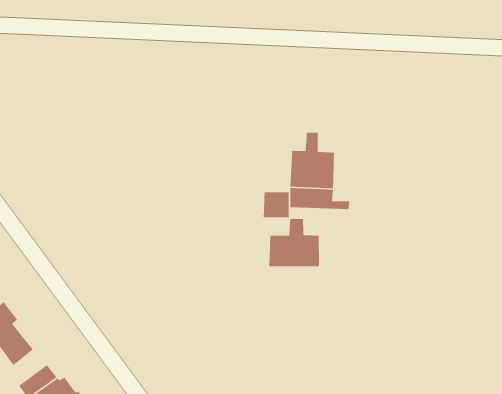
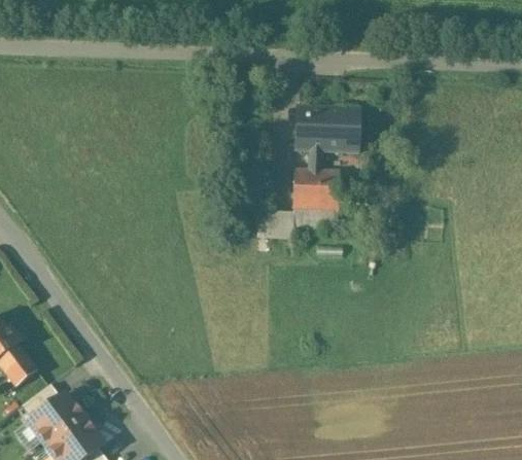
building: none -> [295,106,358,152]
building: [269,218,320,267] -> none

